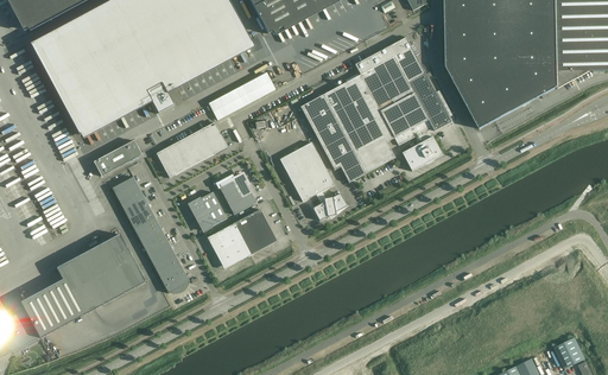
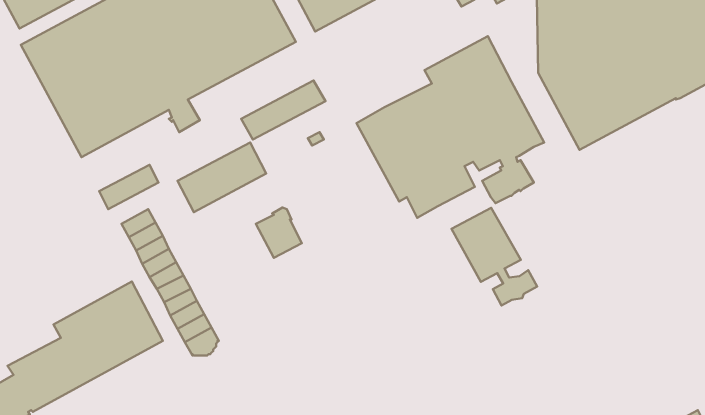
building: [279,141,348,220] -> [451,208,537,306]
building: [190,190,227,229] -> none
building: [207,208,274,266] -> none

